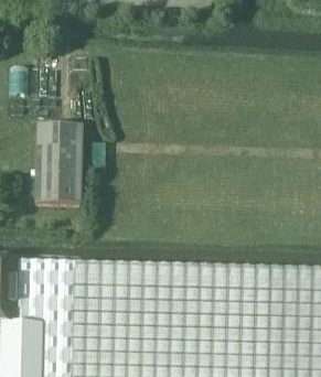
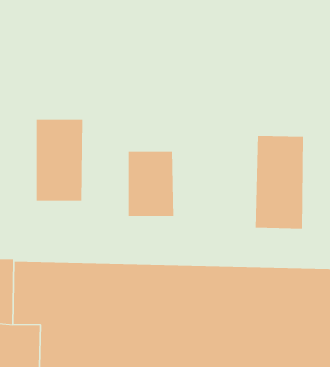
building: none -> [255,135,304,229]
building: none -> [128,151,174,217]

